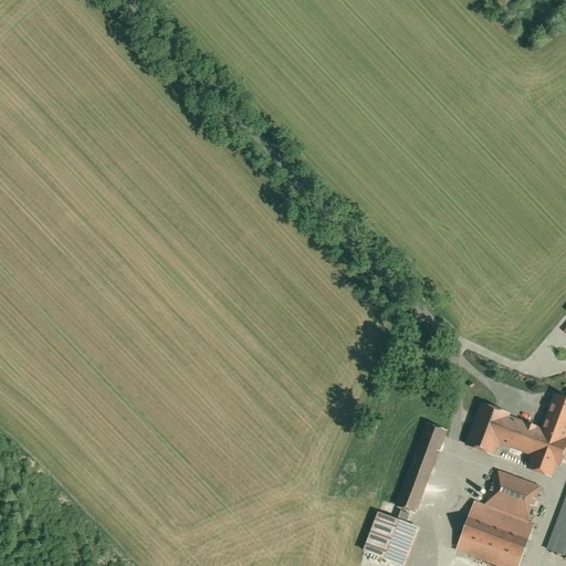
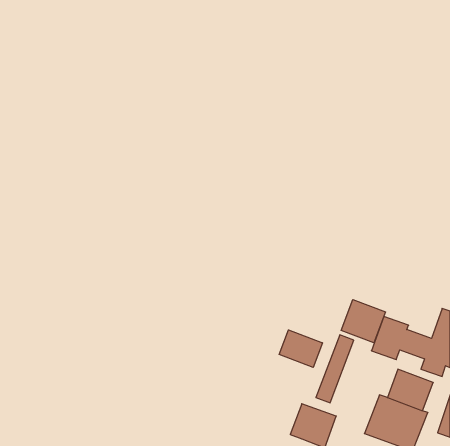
building: none -> [341,300,386,343]
building: none -> [279,330,322,367]

